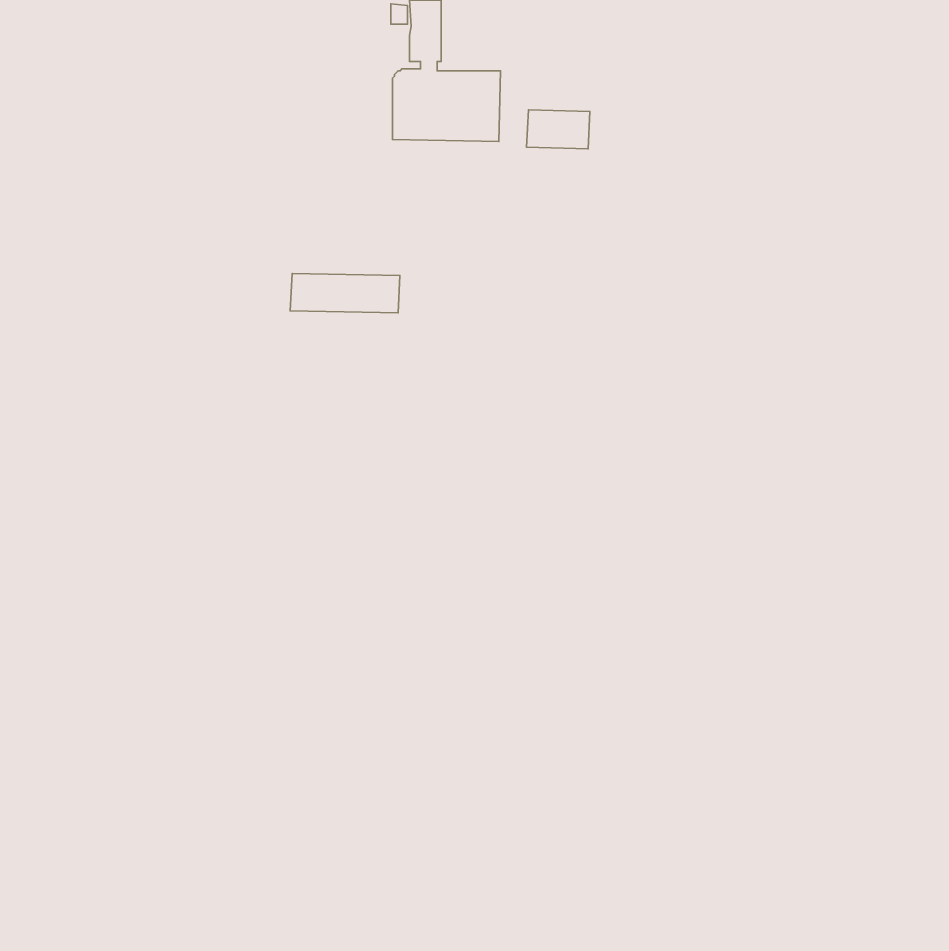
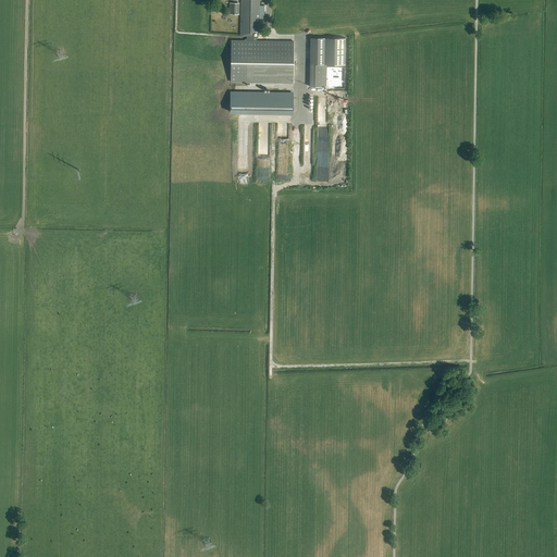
building: none -> [309,38,345,65]
building: [290,274,400,313] -> [228,91,293,114]

